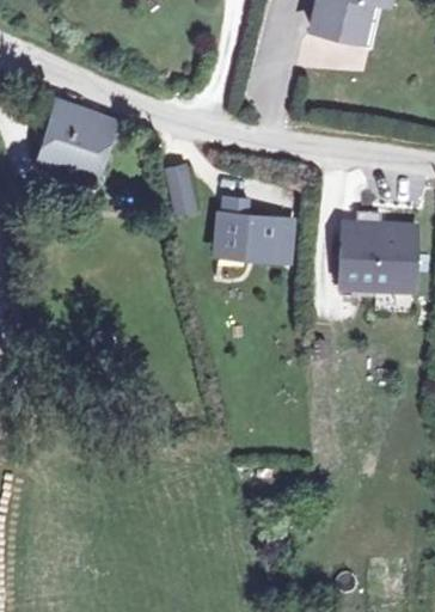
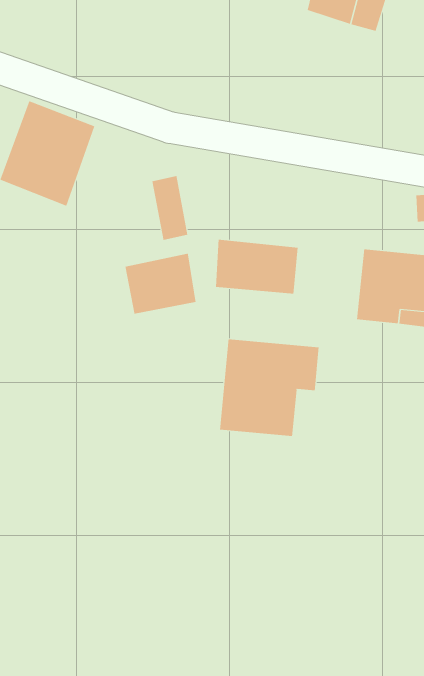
building: none -> [125,253,196,314]
building: none -> [219,338,319,437]

